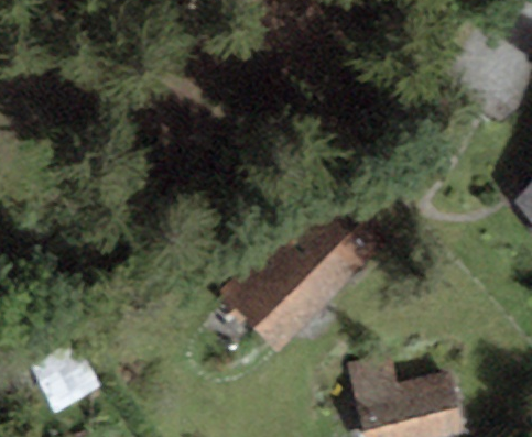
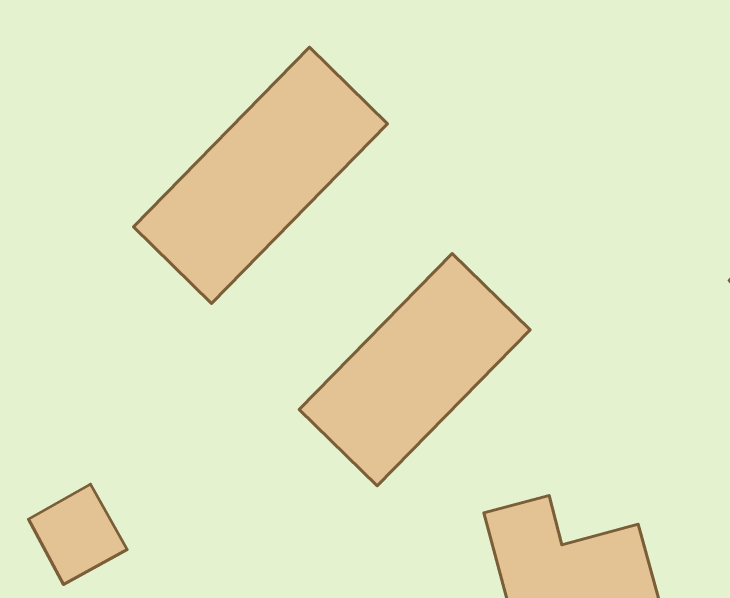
building: none -> [133,47,388,304]

